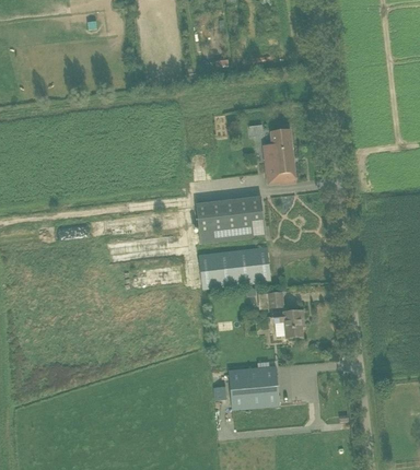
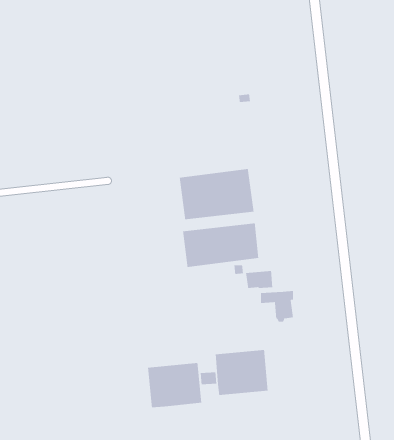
building: [262,128,295,185] -> none
building: none -> [147,362,202,408]

